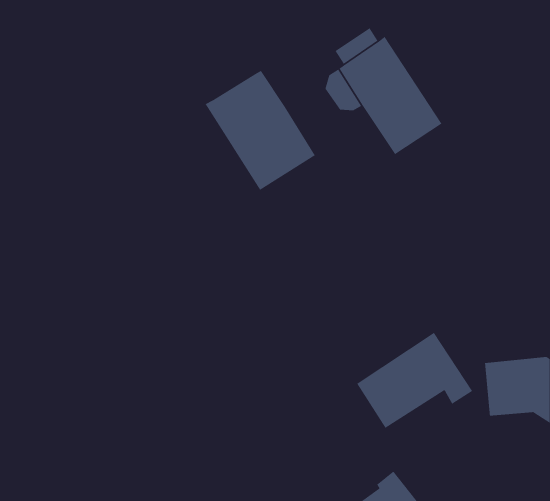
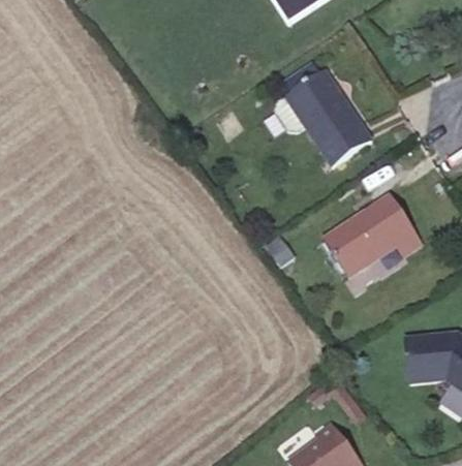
building: [205,70,316,191] -> none
building: [356,332,473,429] -> [326,195,422,275]

